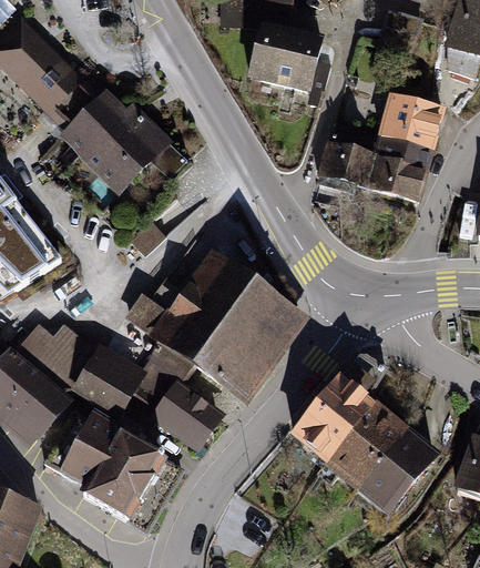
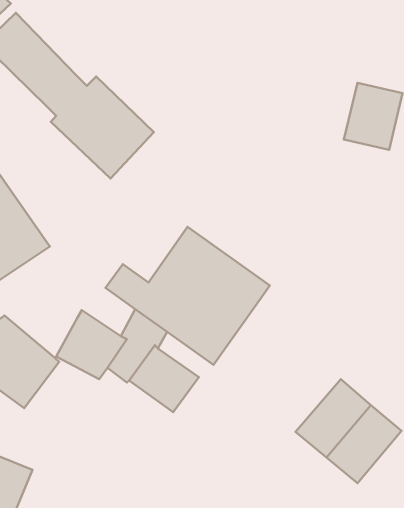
building: [253,13,333,94] -> none
building: [317,139,426,204] -> none
building: [11,316,90,387] -> none
building: [293,383,374,467] -> none
building: [47,408,184,528] -> none

